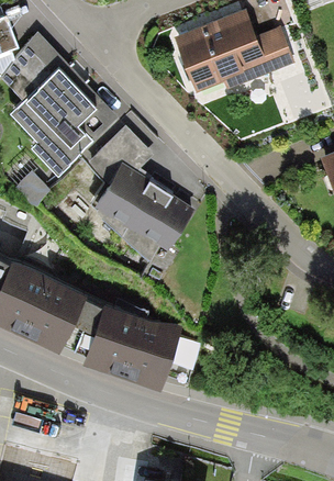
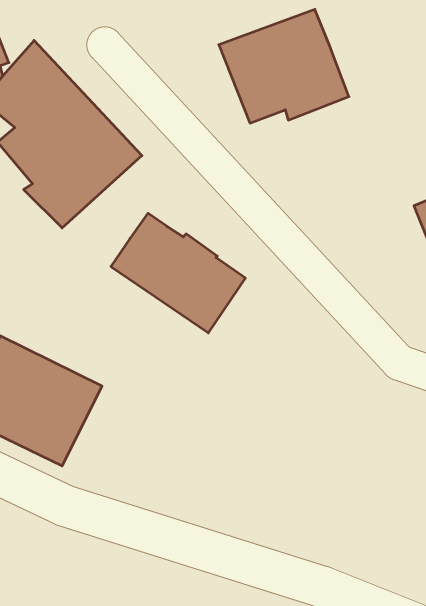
building: [257,32,294,78] -> none
building: [89,131,153,183] -> none
building: [81,303,181,392] -> none

